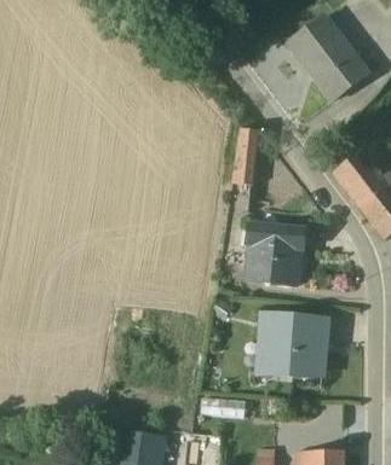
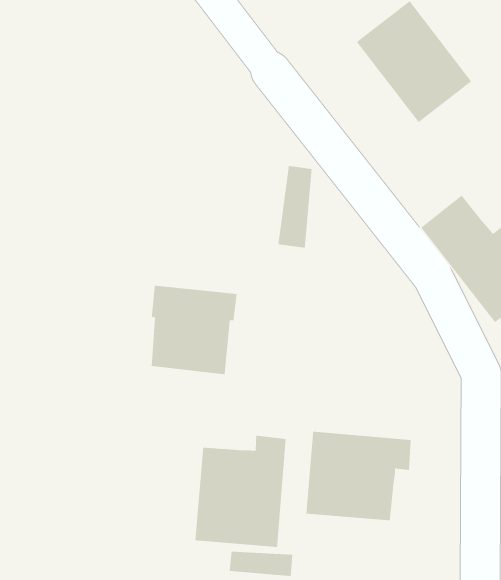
building: [245,225,305,287] -> [151,285,238,375]
building: none -> [195,435,286,548]

